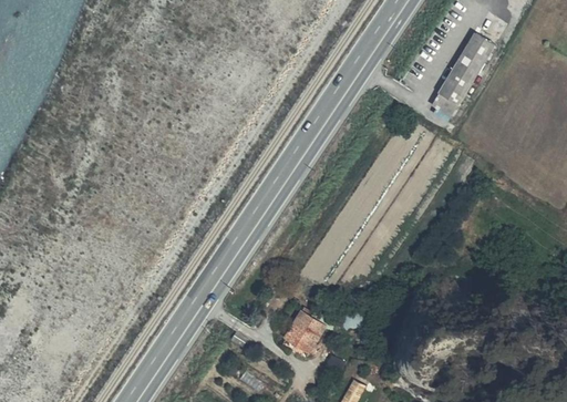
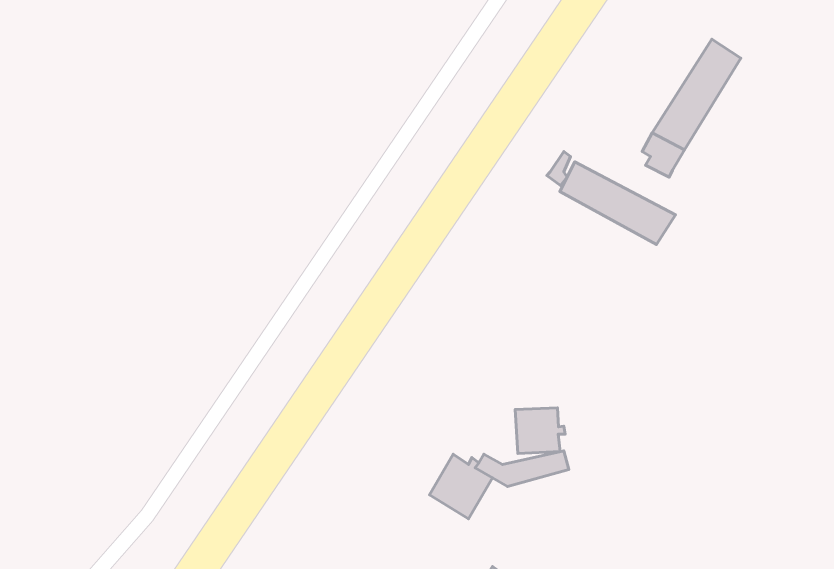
building: none -> [560,162,676,245]
building: none -> [515,408,565,453]

